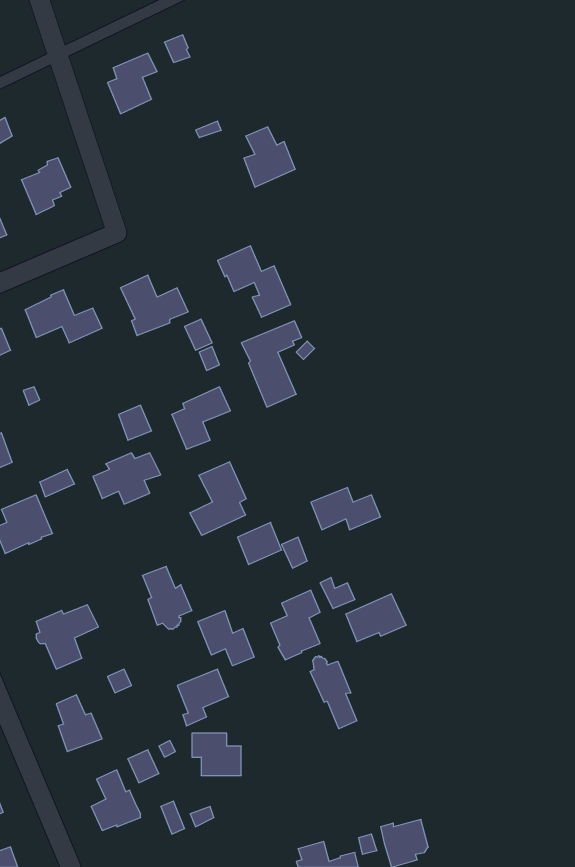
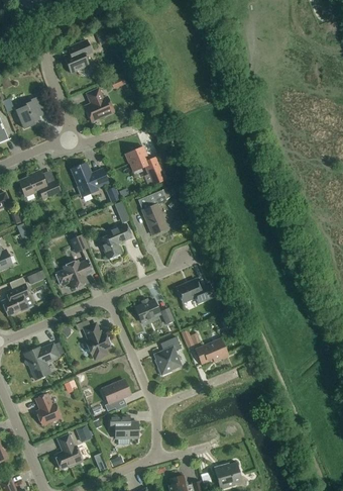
building: [244,127,295,187] -> [85,88,113,121]
building: [190,462,246,535] -> none
building: [198,611,254,666] -> none
building: [310,656,357,729] -> none

